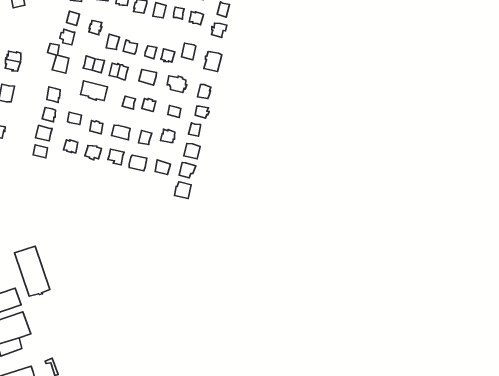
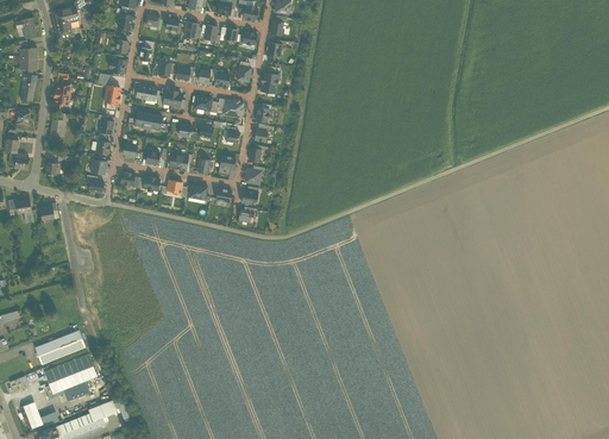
building: [15,246,50,296] -> none

